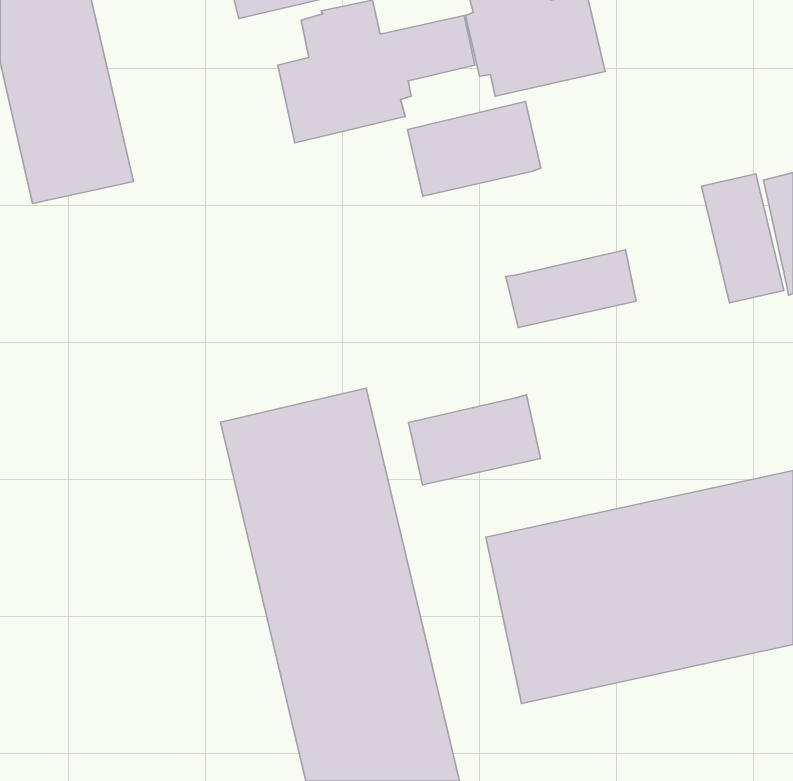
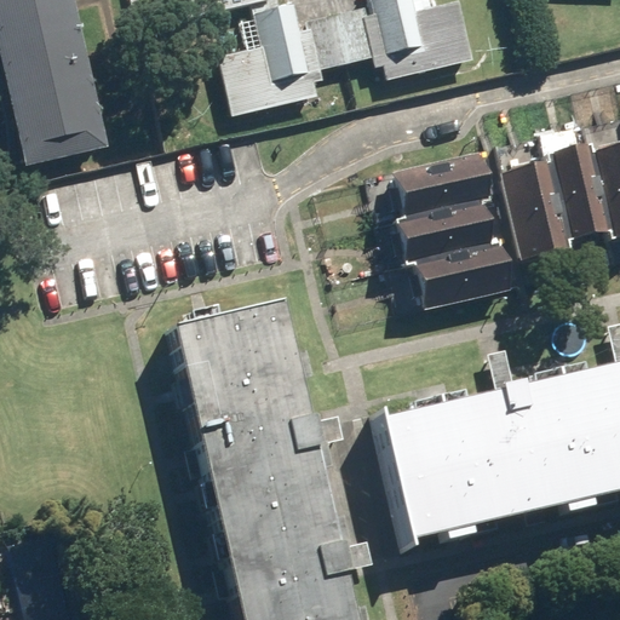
building: [407,101,541,196] -> [391,140,495,214]
building: none -> [500,155,564,251]
building: [409,395,541,485] -> [413,232,516,303]

